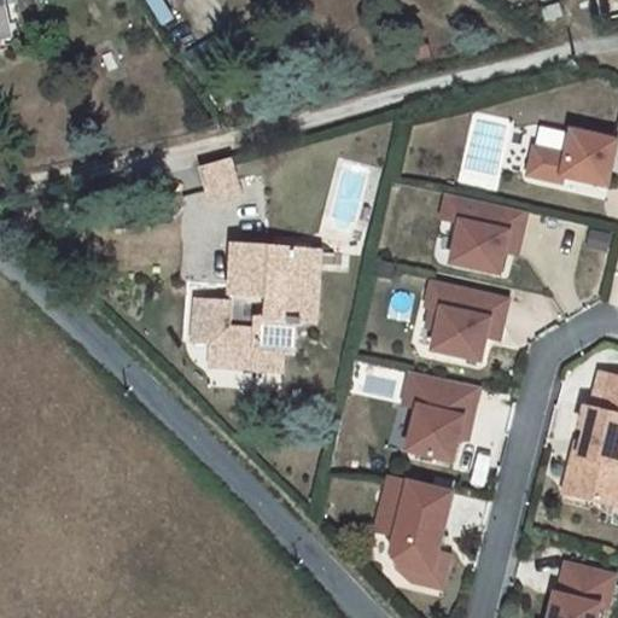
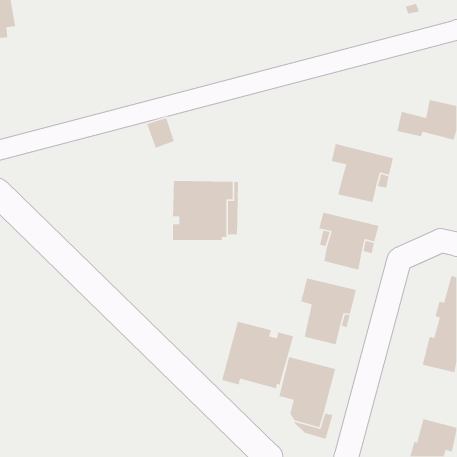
building: [197,299,298,363] -> none
building: none -> [221,321,294,389]

